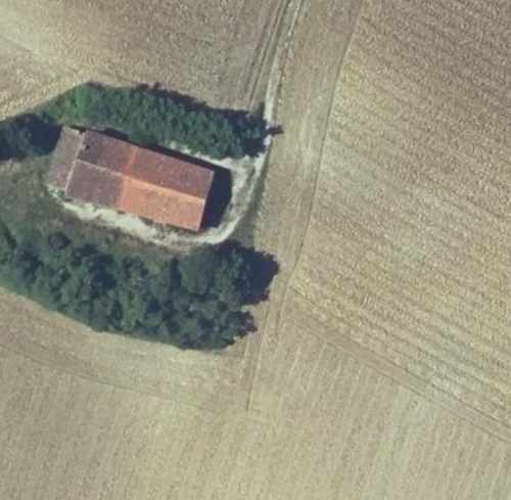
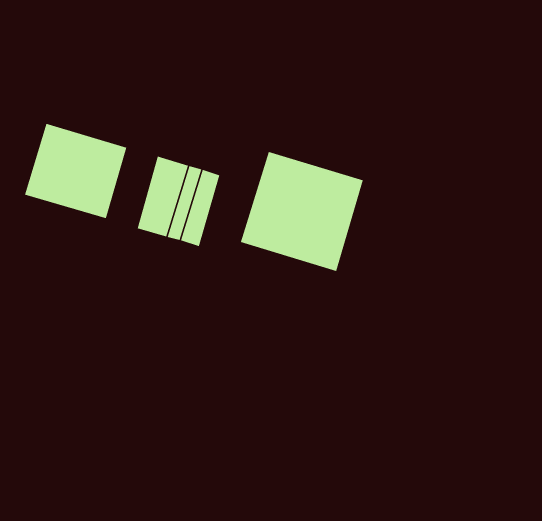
building: [120,147,162,216] -> none
building: none -> [240,151,364,272]

